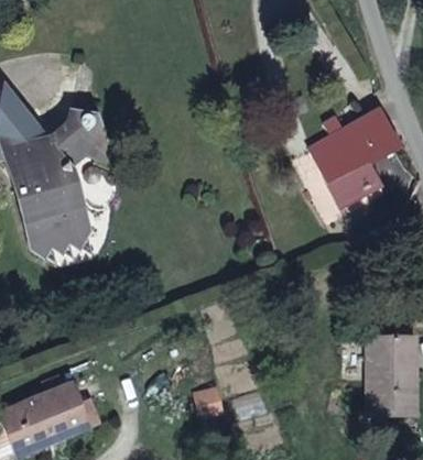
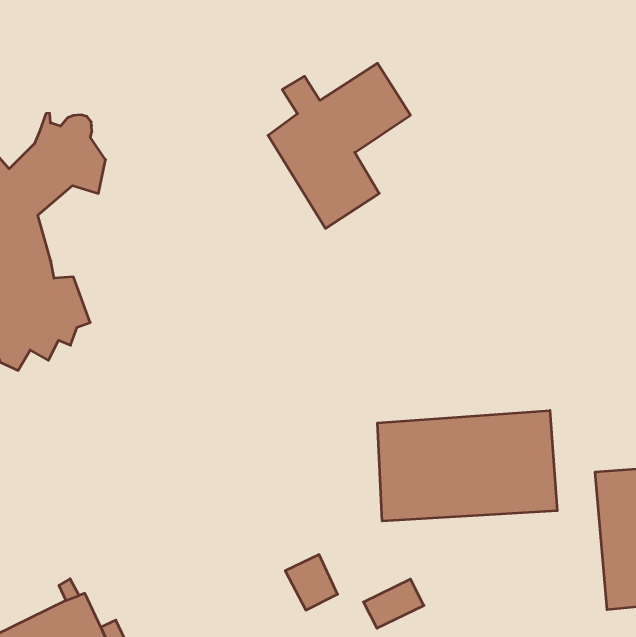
building: [315,111,397,202] -> [268,63,410,228]
building: none -> [378,410,557,521]

